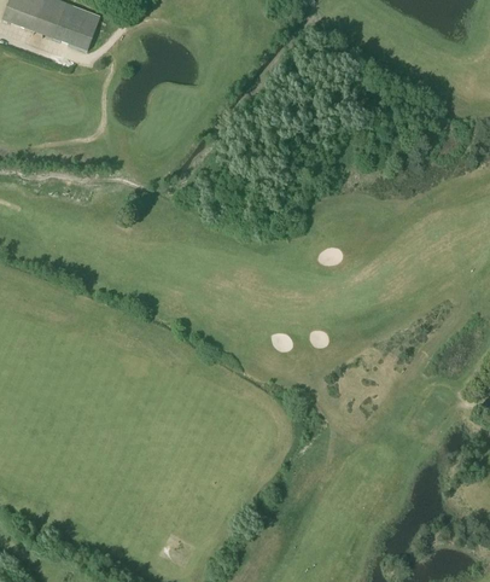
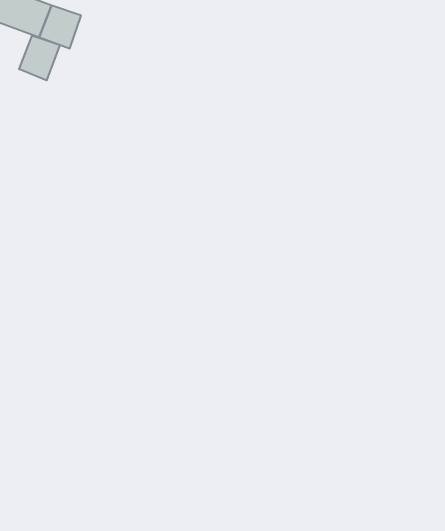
building: none -> [19,35,60,80]

